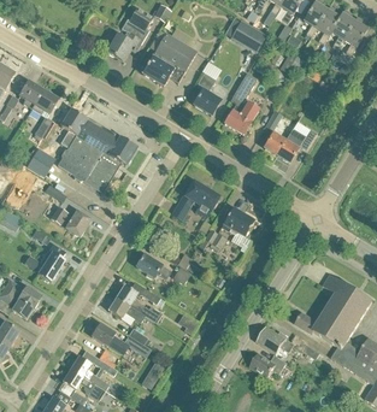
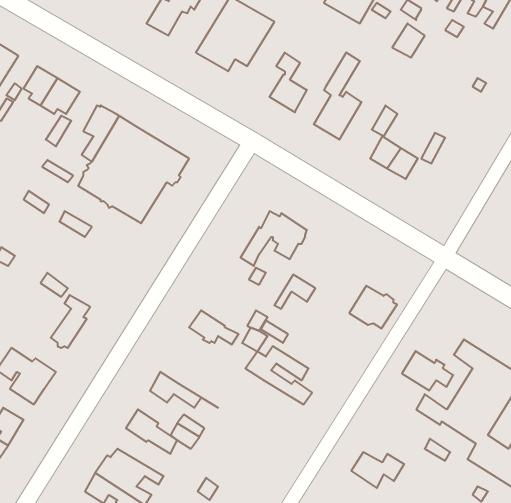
building: [51,205,89,235] -> none
building: [222,207,255,237] -> [349,286,397,328]
building: [116,281,163,322] -> [245,346,312,404]
building: [258,326,294,354] -> [402,351,453,390]

